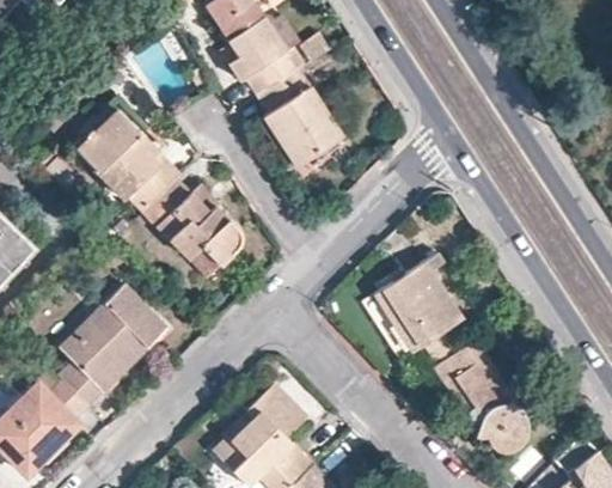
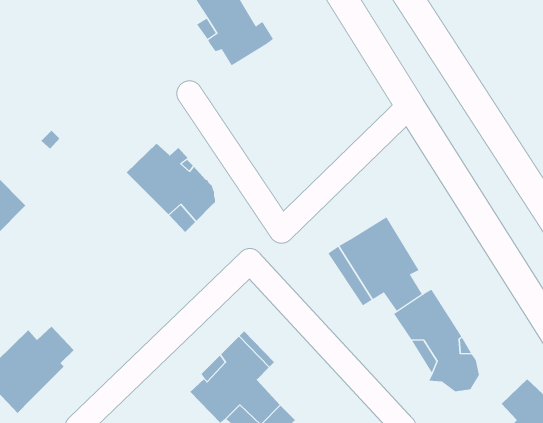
building: [257,69,342,166] -> none
building: [78,111,176,211] -> none
building: [57,286,165,404] -> none

